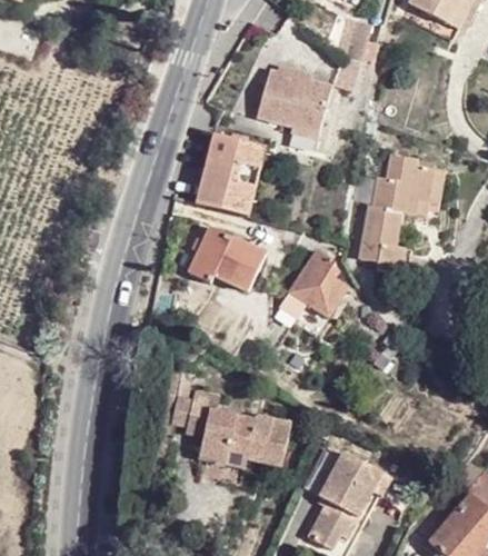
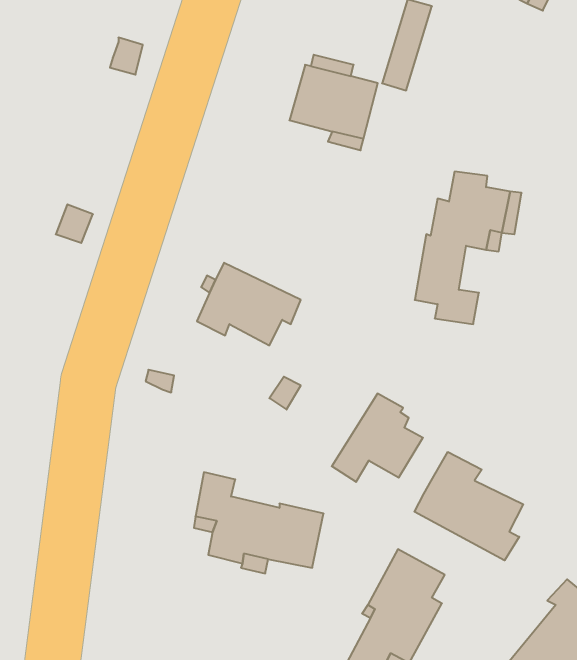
building: [195,133,263,217] -> none
building: [278,252,349,321] -> [332,394,423,482]
building: none -> [414,452,523,560]

